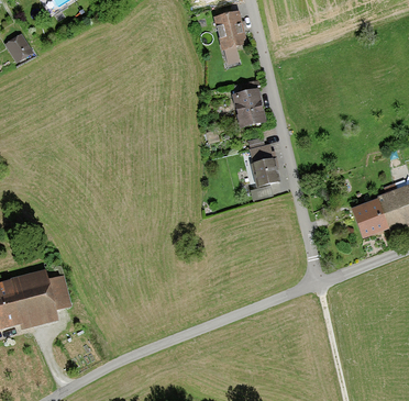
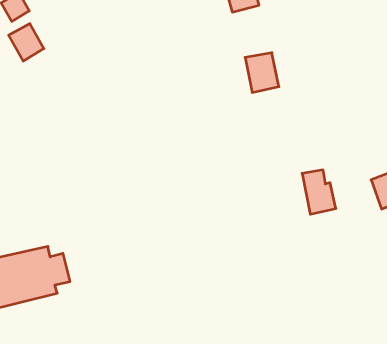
building: none -> [9,24,44,61]
building: [248,144,280,186] -> [302,170,336,214]

